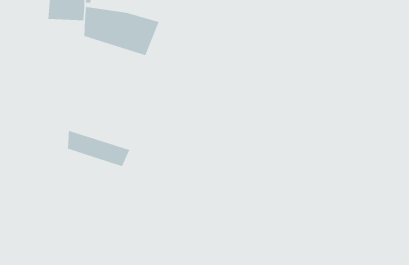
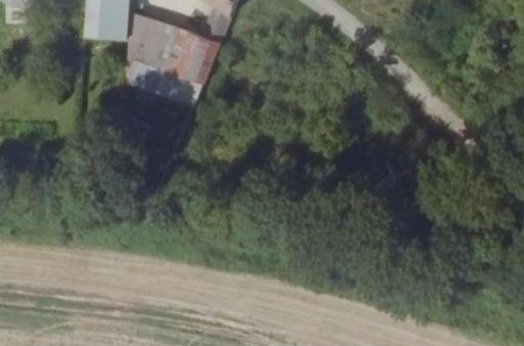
building: [67,130,130,167] -> [126,59,202,103]

